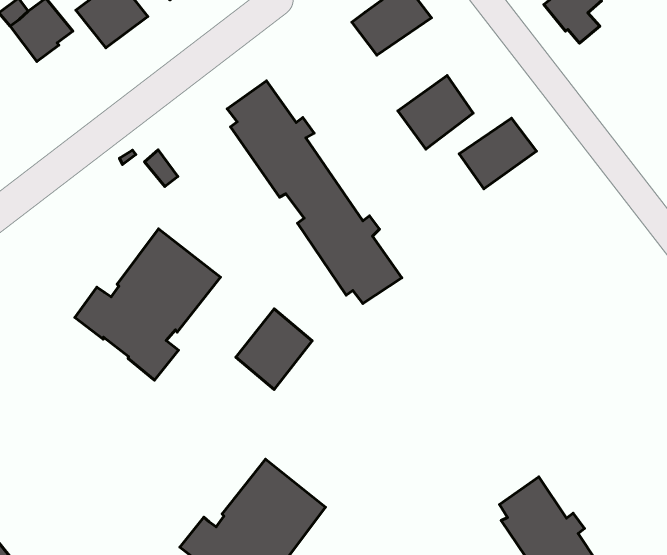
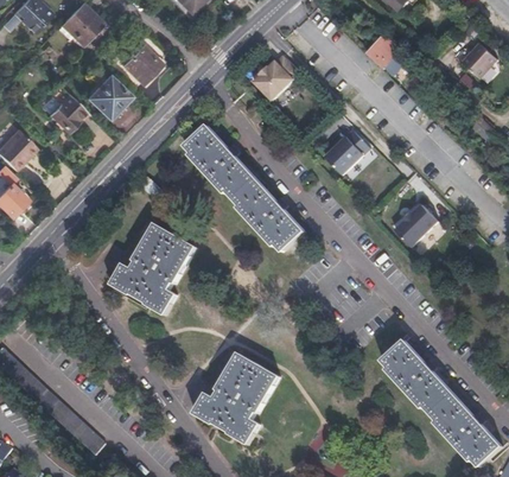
building: [398,76,473,149] -> none
building: none -> [395,204,438,247]
building: [236,309,312,389] -> none

